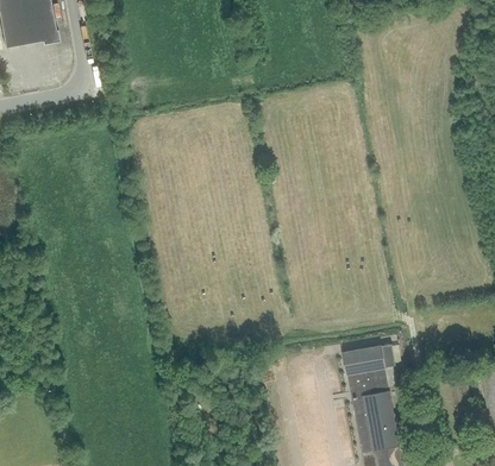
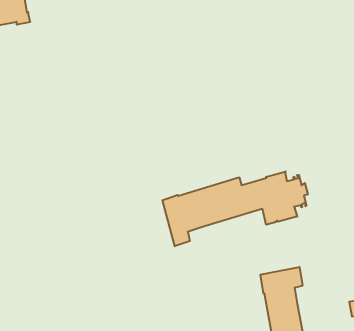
building: none -> [163,171,308,246]

